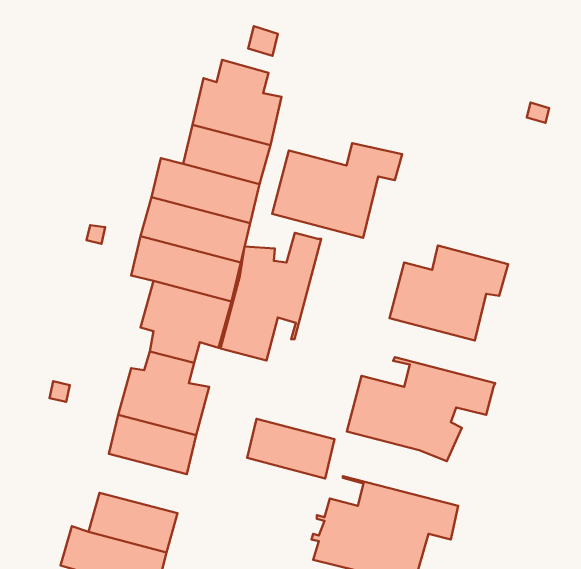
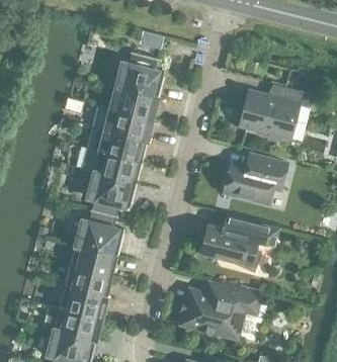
building: [272,143,402,238] -> [239,87,310,139]
building: [221,233,321,360] -> none
building: [247,419,334,478] -> [64,266,111,298]

